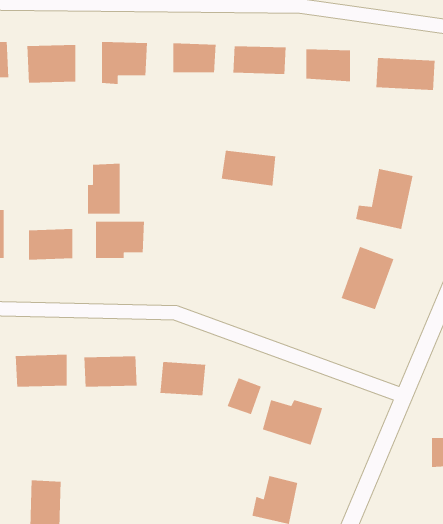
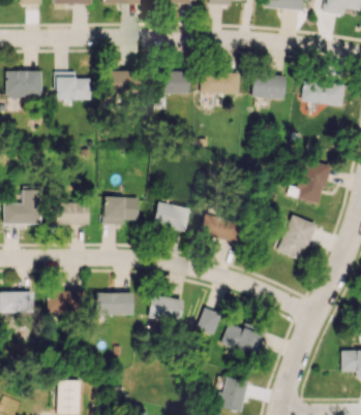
building: [221,150,276,186] -> [201,216,240,242]
building: [87,163,120,214] -> none
building: none -> [154,202,189,231]

